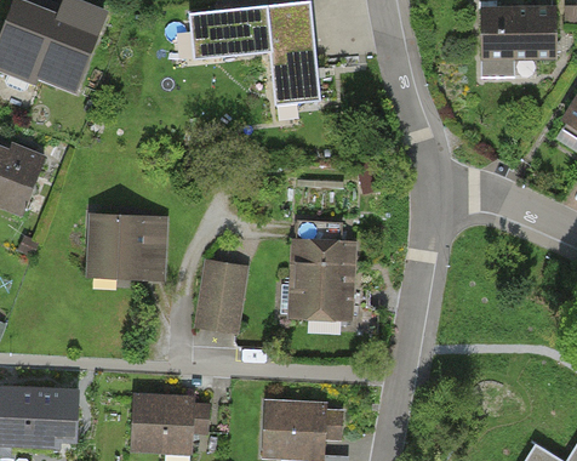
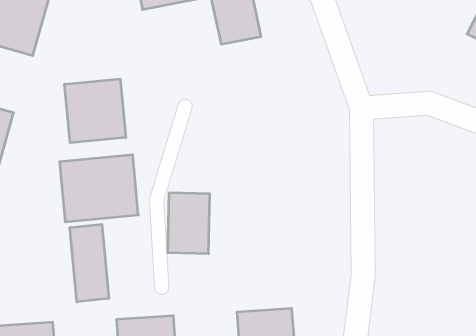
building: none -> [65,79,126,143]
building: [288,238,355,324] -> none
building: none -> [70,224,109,302]

